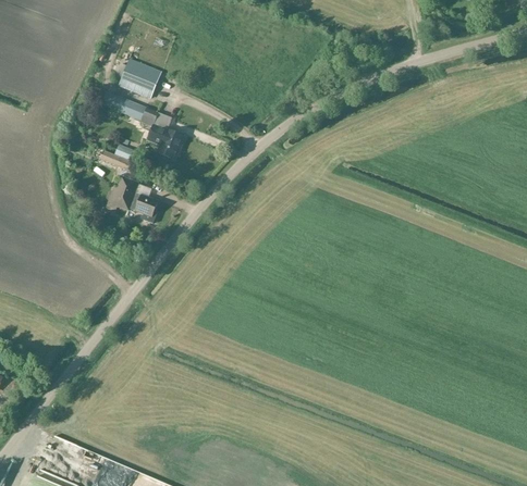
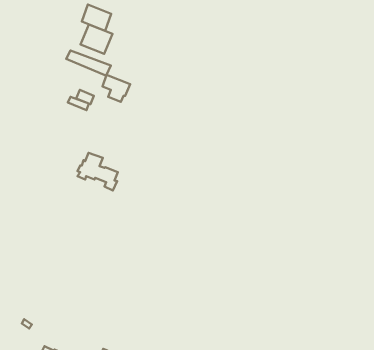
building: none -> [82,5,111,31]
building: [107,176,159,225] -> [78,153,118,191]

